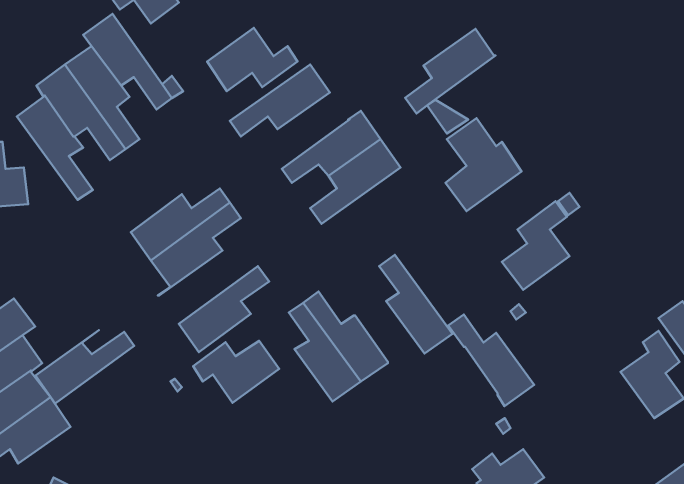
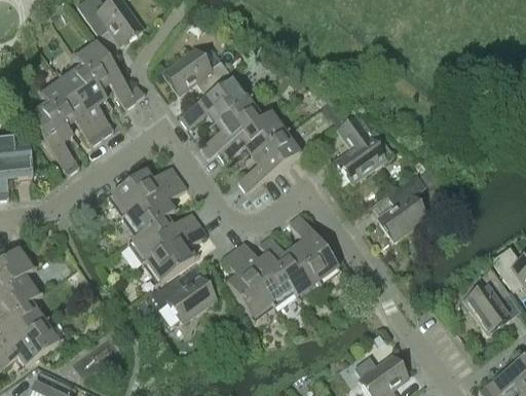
building: [405,29,495,113] -> [200,96,266,157]
building: [448,314,534,406] -> [258,235,321,301]
building: [35,330,134,404] -> [127,211,199,264]

